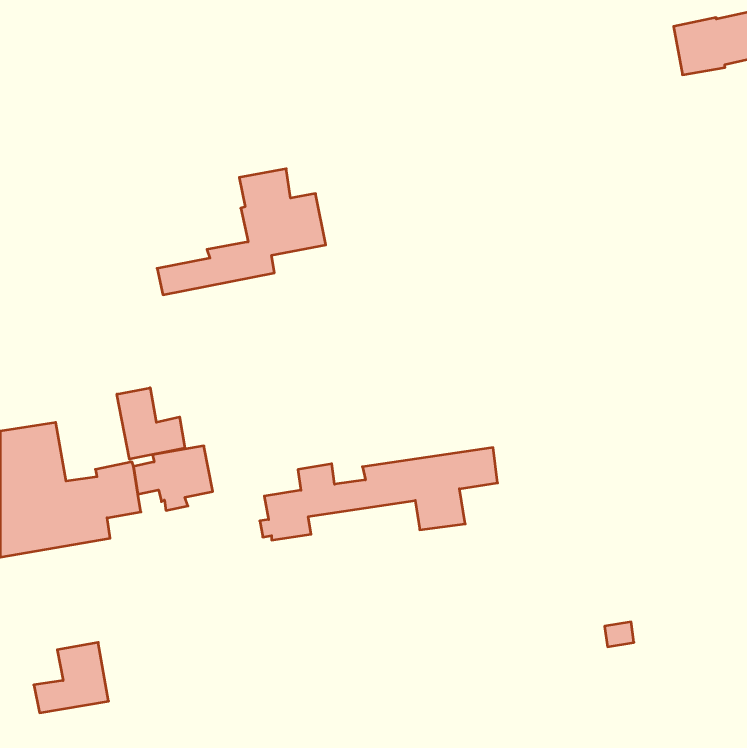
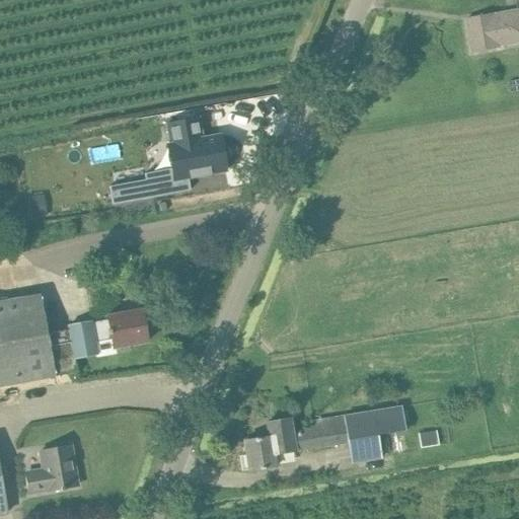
building: [117,388,185,459] -> none
building: [260,448,498,540] -> [241,405,405,469]

